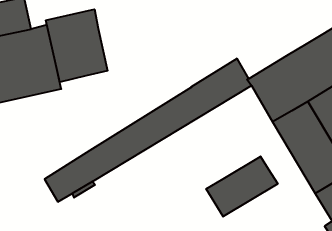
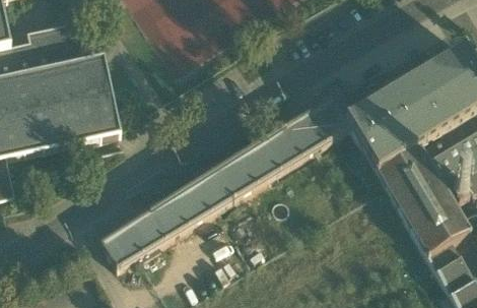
building: [46,9,108,82] -> none
building: [206,156,278,217] -> none

